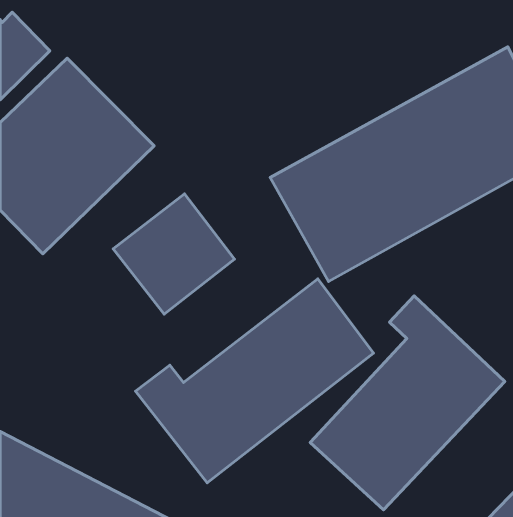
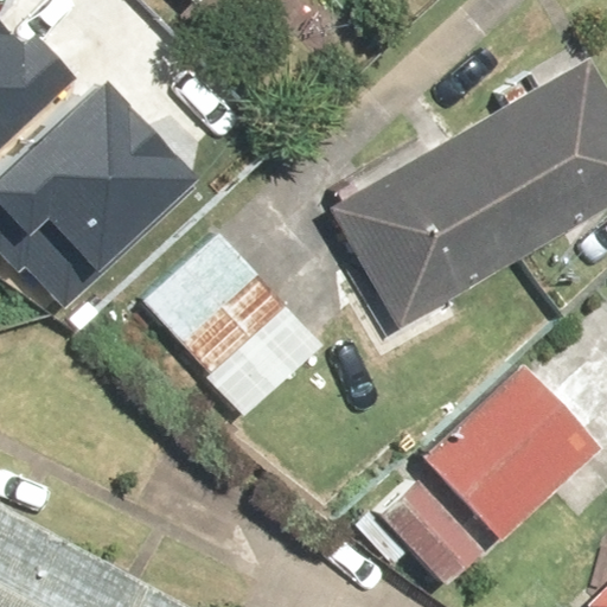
building: [136,279,373,483] -> none

